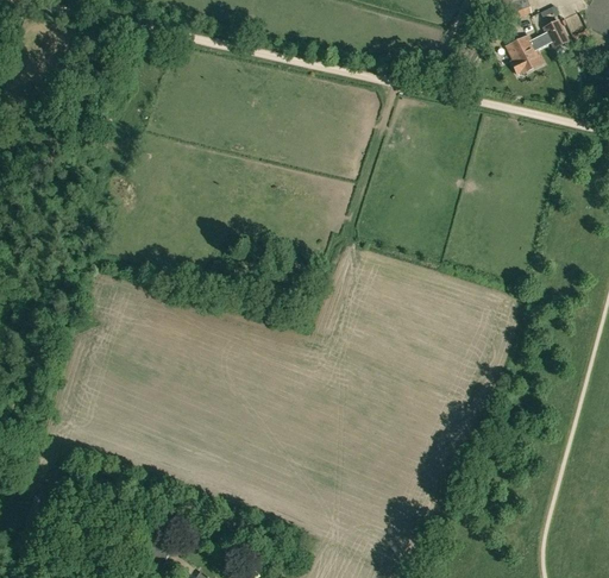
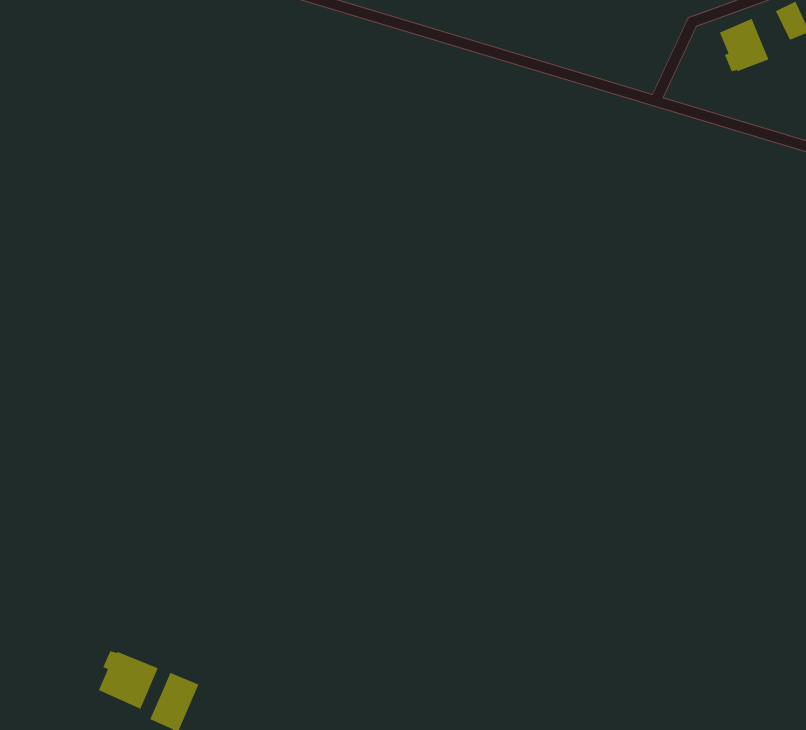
building: none -> [98,650,159,710]

